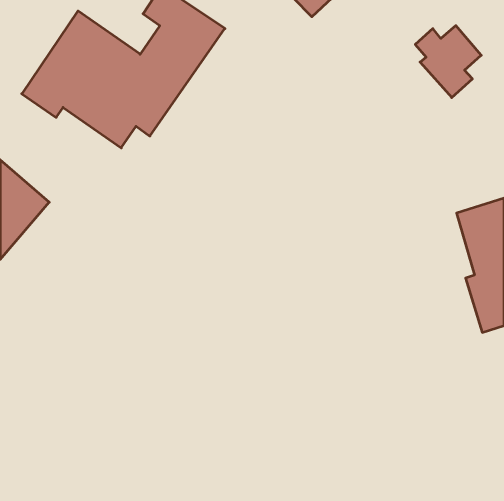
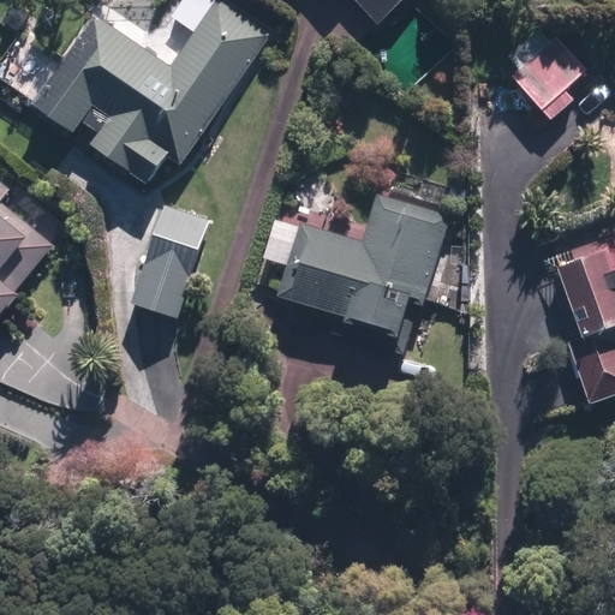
building: none -> [267,196,450,333]
building: none -> [130,207,207,317]

